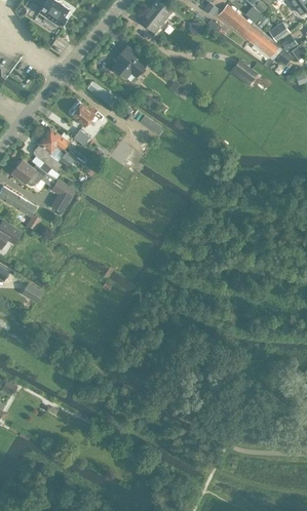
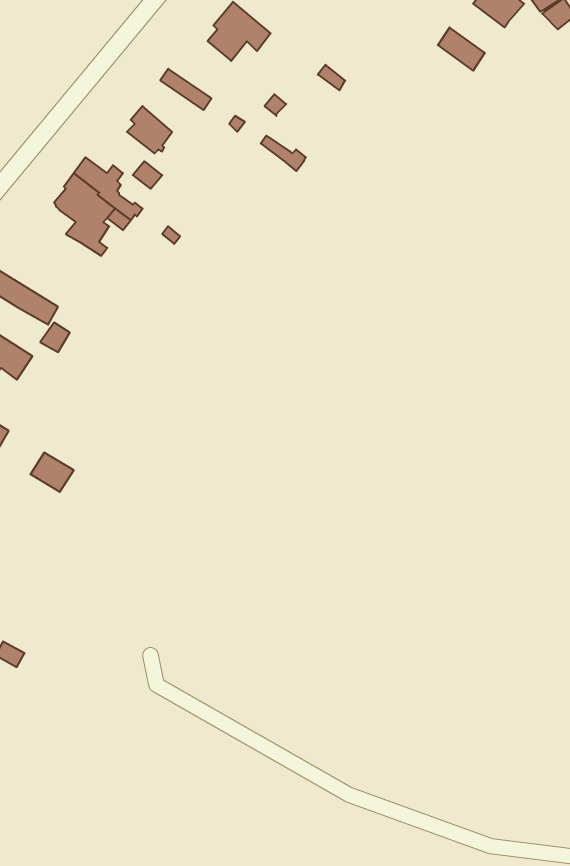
building: [11,160,46,187] -> none
building: [50,180,75,212] -> none

